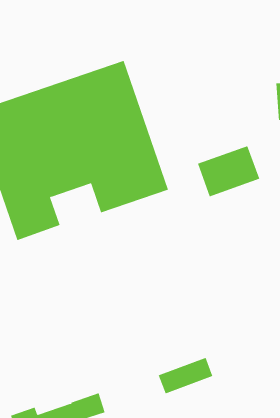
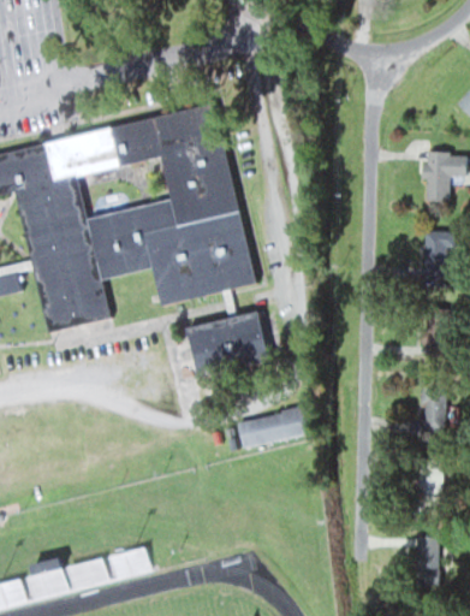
building: [197,145,260,197] -> [191,310,274,375]
building: [158,357,213,394] -> [237,405,311,450]

